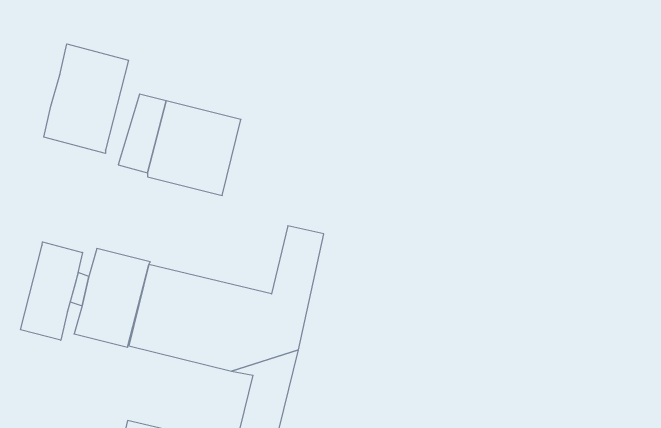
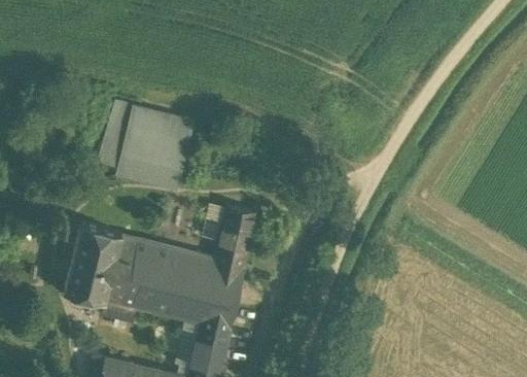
building: [44,44,129,153] -> none
building: [21,242,83,340] -> none

